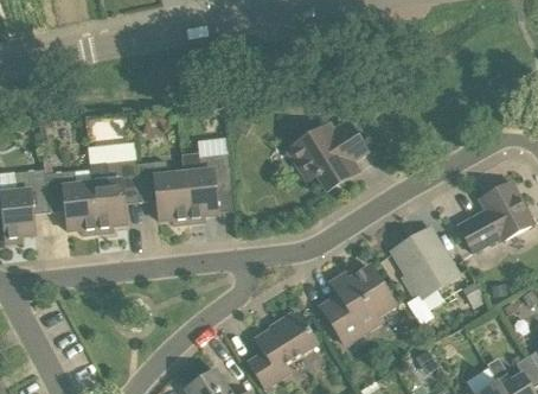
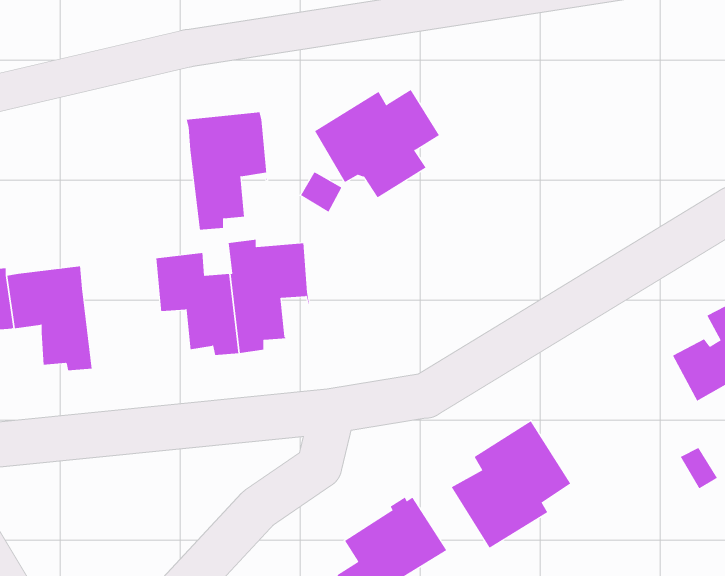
building: [288,122,366,190] -> [314,89,440,198]
building: [89,159,140,233] -> [186,112,268,230]
building: [393,229,457,296] -> none

